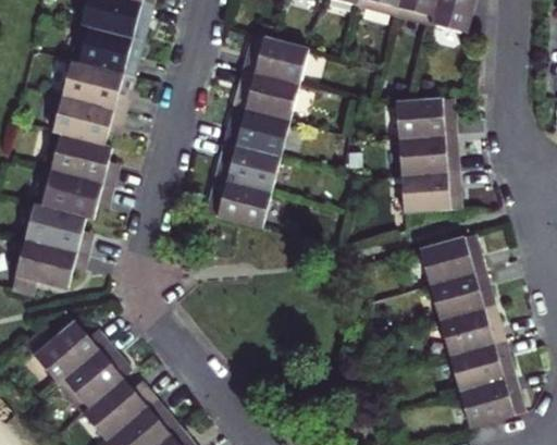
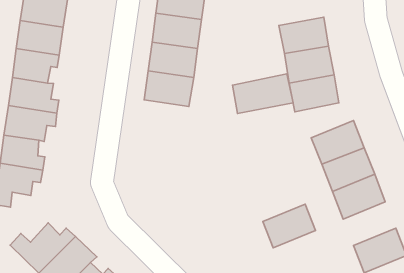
building: none -> [233,74,293,114]
building: [207,178,271,228] -> none
building: [450,338,516,390] -> [263,204,316,248]

